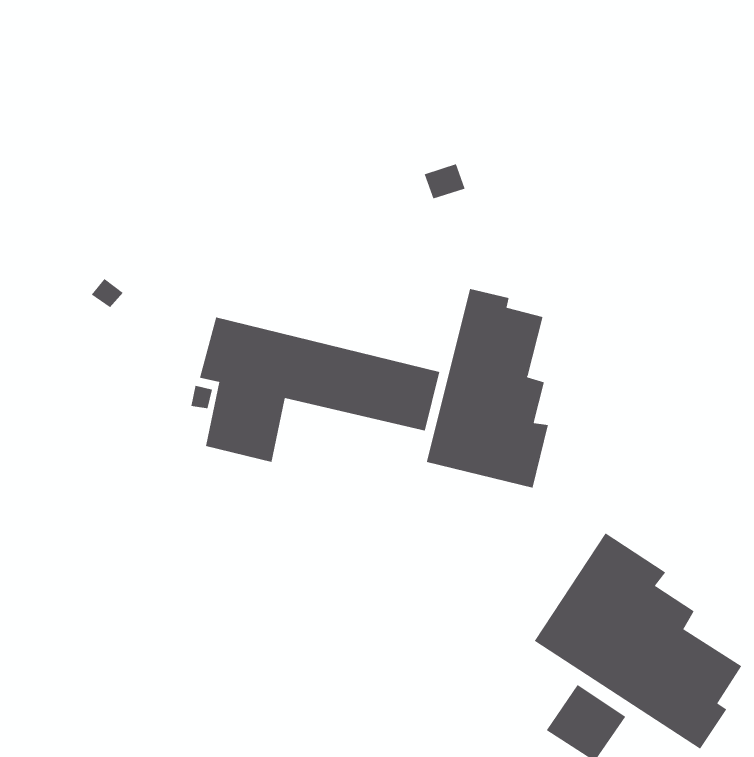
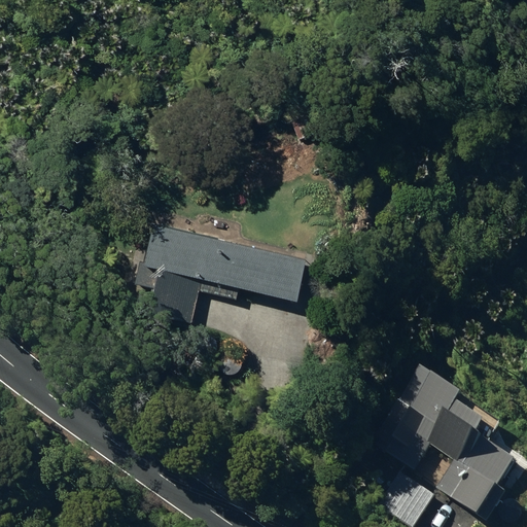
building: [426,288,548,489] -> none

